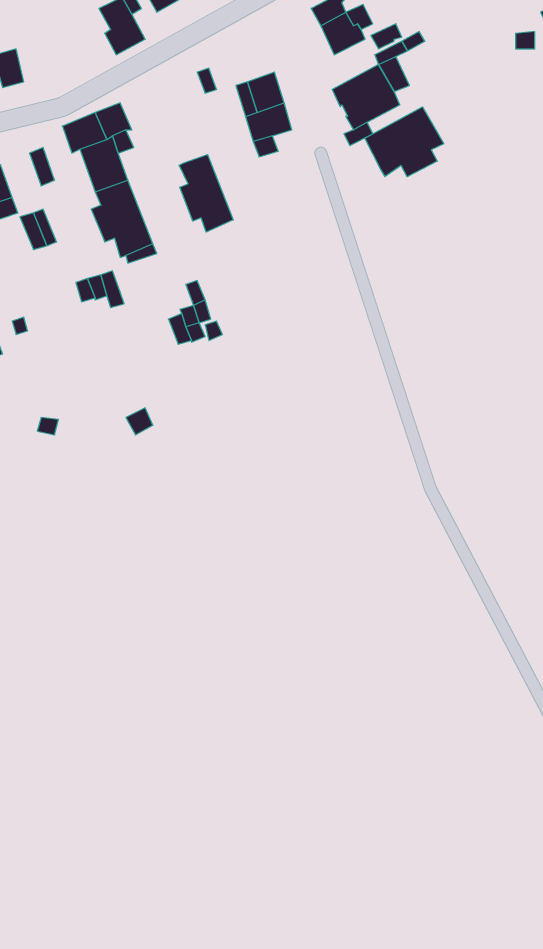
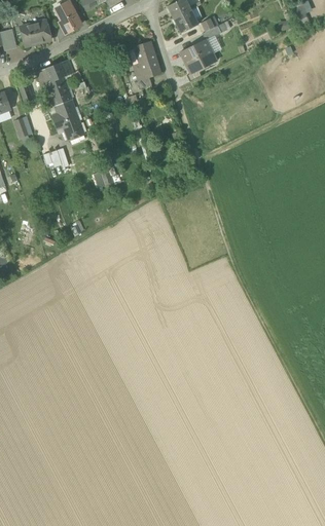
building: none -> [19,22,50,46]
building: [365,107,444,177] -> none
building: [179,155,233,232] -> none

